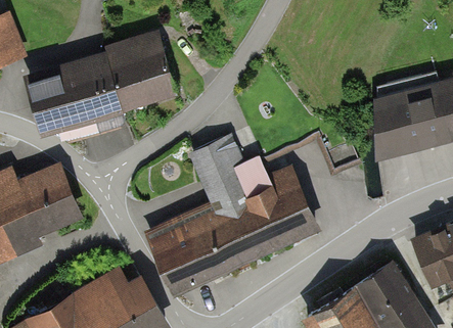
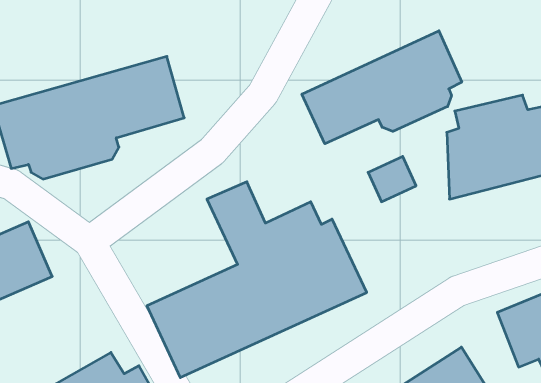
building: none -> [302,31,462,144]

